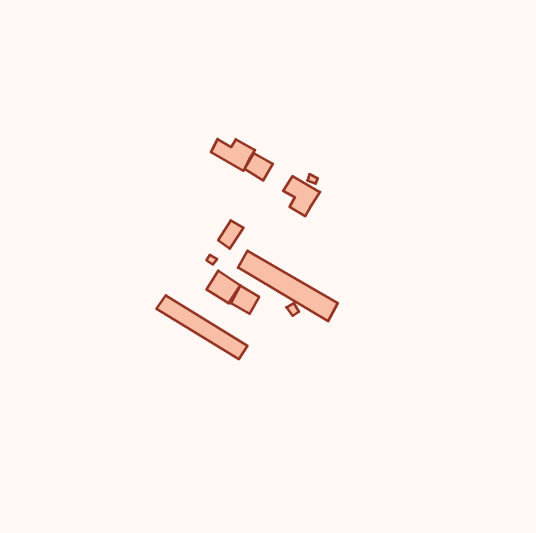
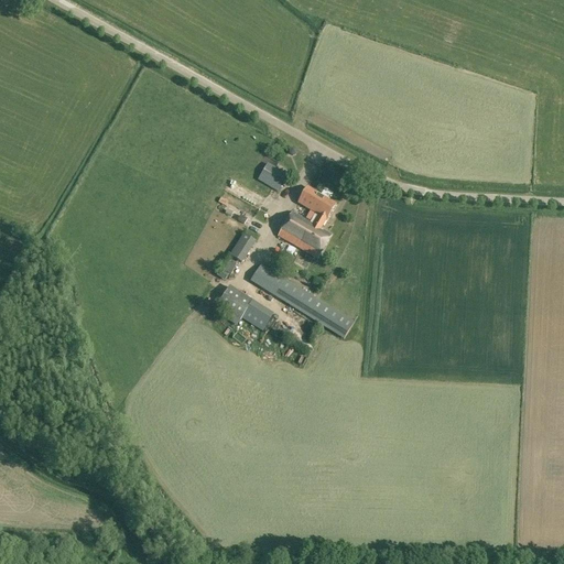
building: [211,139,255,171] -> none
building: none -> [278,209,332,257]
building: [157,295,247,359] -> none

